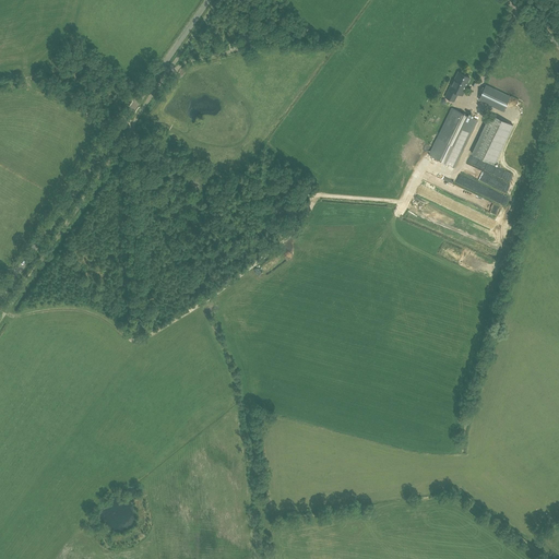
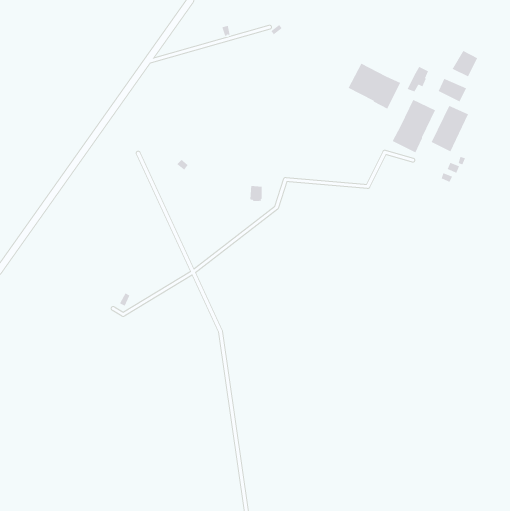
building: none -> [452,50,478,77]
building: none -> [348,63,401,110]

